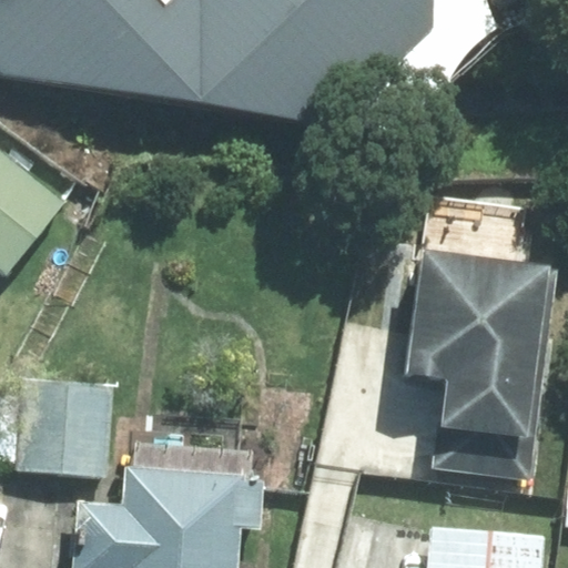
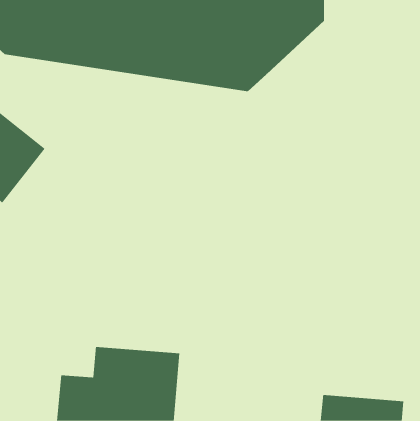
building: [413,252,550,430] -> none
building: [18,382,112,475] -> none

